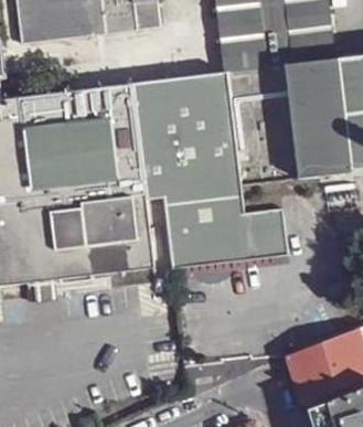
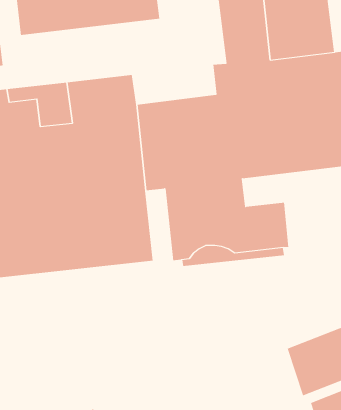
building: [132,73,215,113] -> none

